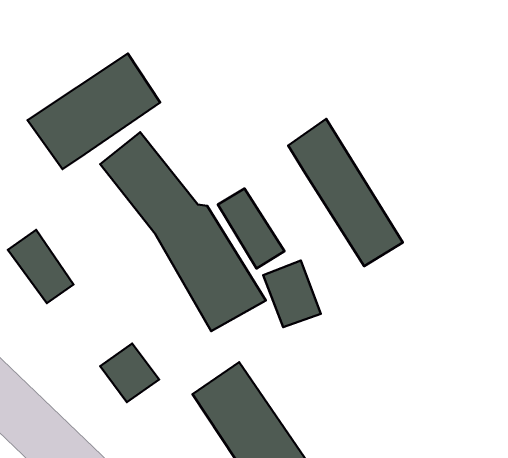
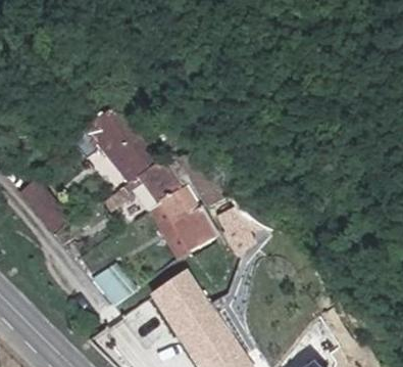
building: [27,53,160,169] -> none
building: [288,119,403,266] -> none

